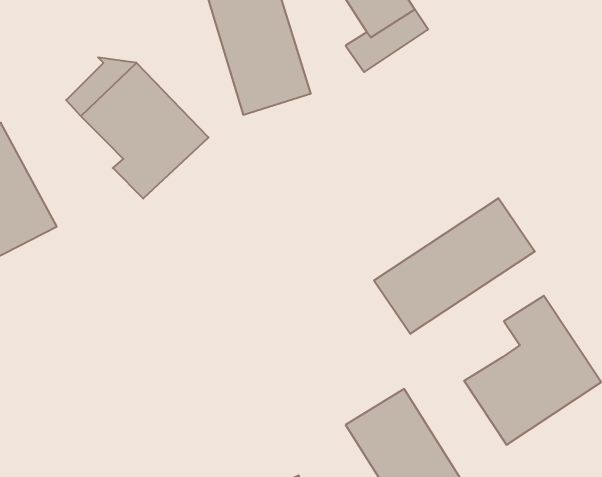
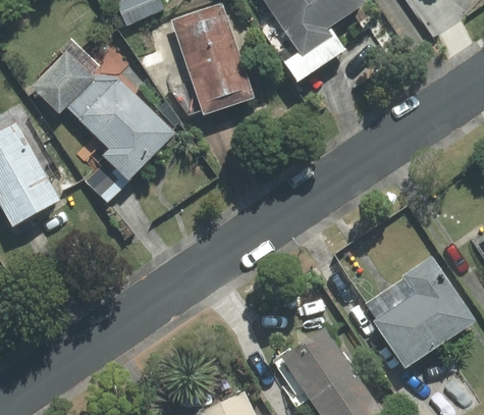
building: none -> [32,50,95,112]
building: [374,198,535,334] -> none

